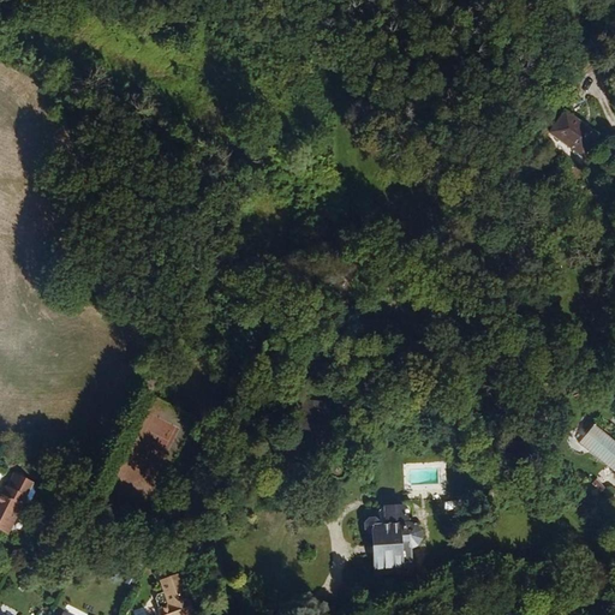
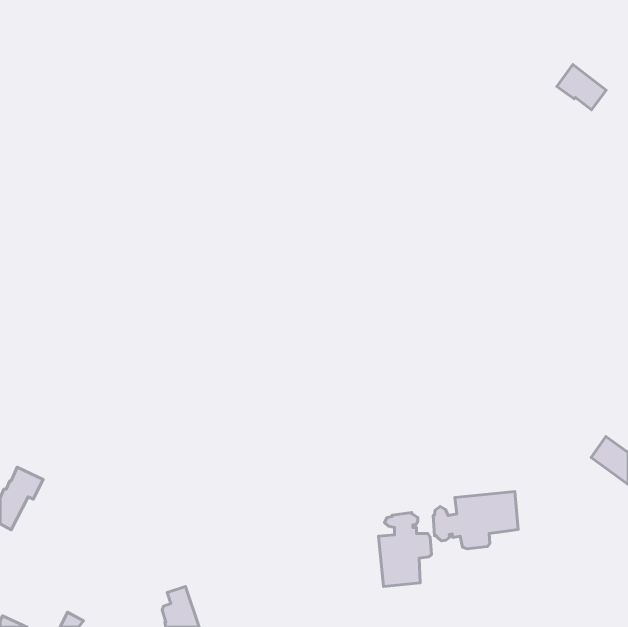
building: [549,115,597,160] -> [557,64,606,110]
building: none -> [433,492,518,549]

